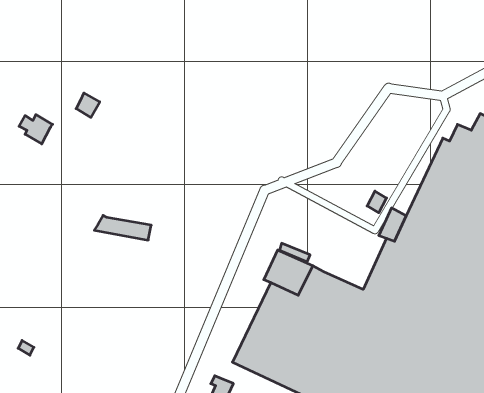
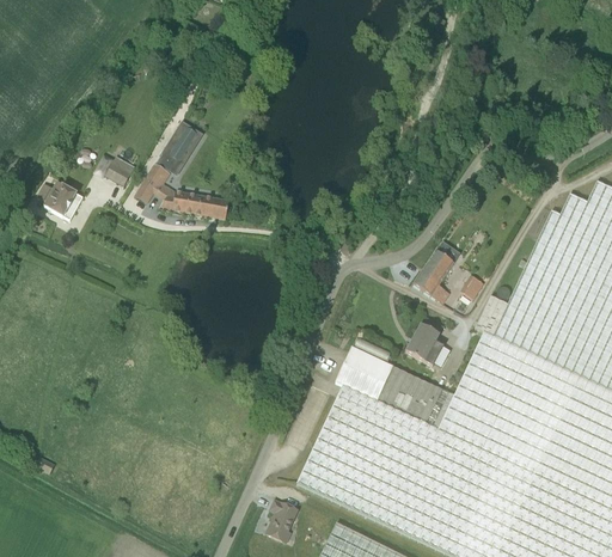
building: none -> [141,122,201,196]
building: none -> [414,251,461,304]
building: [94,215,151,240] -> [160,190,230,220]
building: none -> [406,318,443,367]

